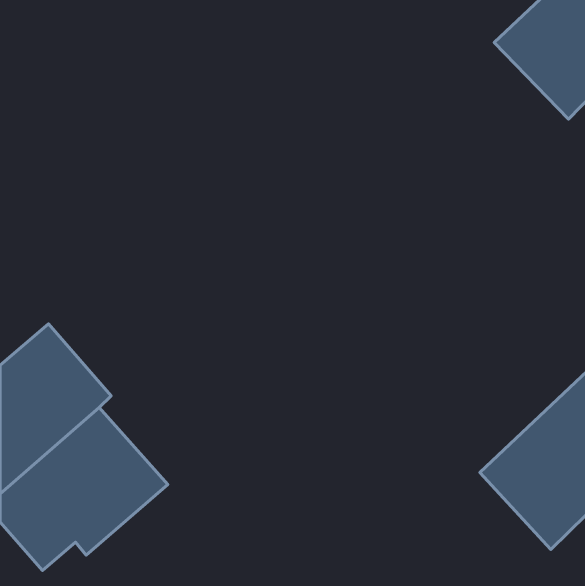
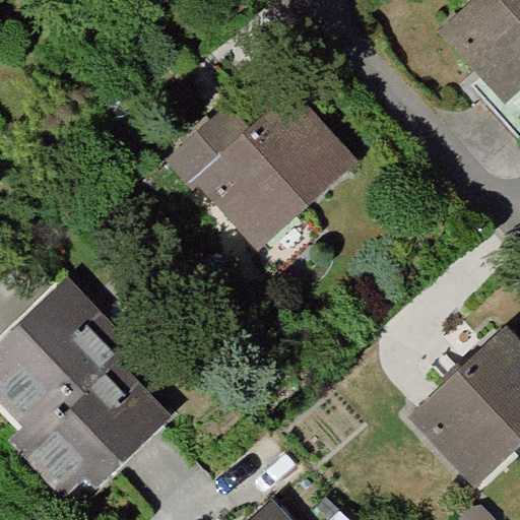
building: none -> [169,99,345,249]

